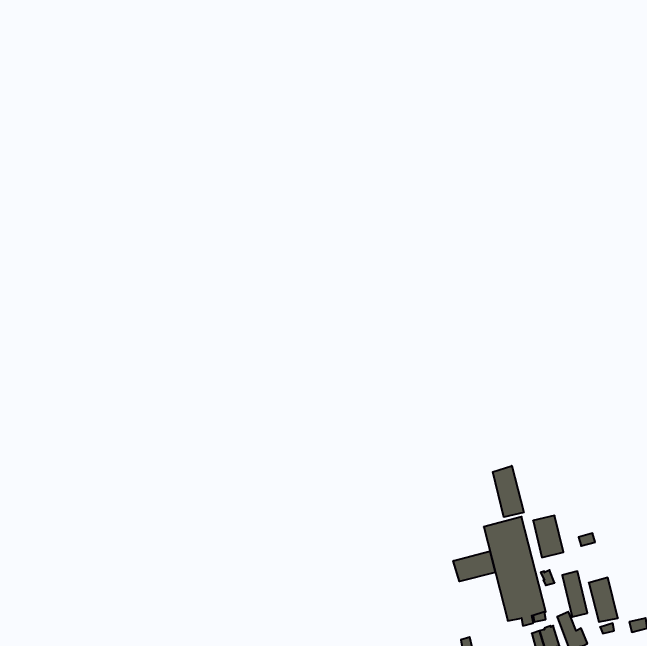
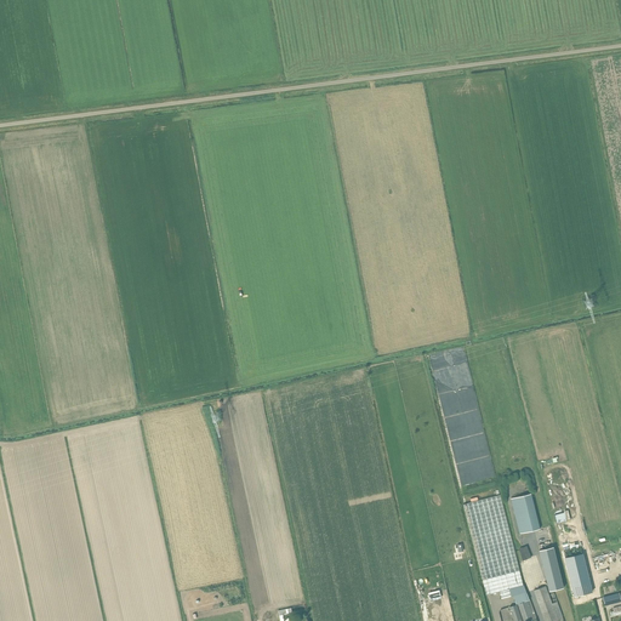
building: [493,466,524,517] -> none
building: [453,551,495,581] -> none

